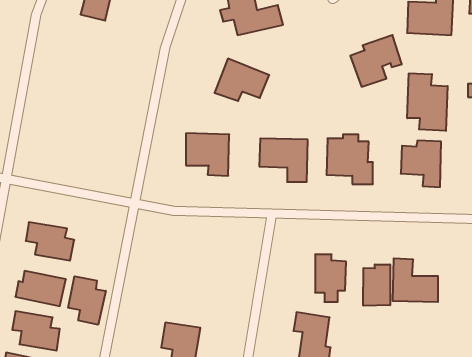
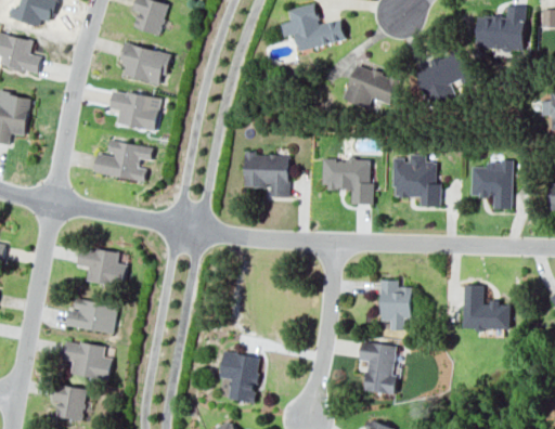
building: none -> [119,43,170,84]
building: [214,59,269,101] -> [341,64,399,108]
building: [407,73,448,131] -> none
building: none -> [108,91,159,131]
building: none -> [93,141,153,182]
building: [363,264,390,306] -> none
building: [68,276,106,325] -> none

